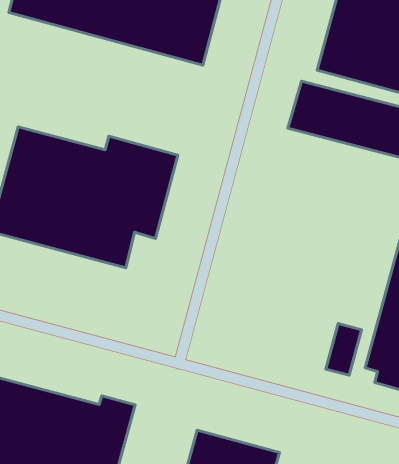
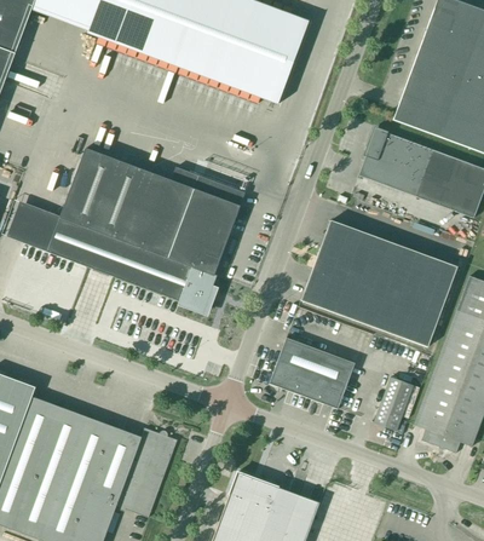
building: none -> [300,219,456,346]
building: none -> [179,265,217,312]
building: none -> [269,336,355,408]

